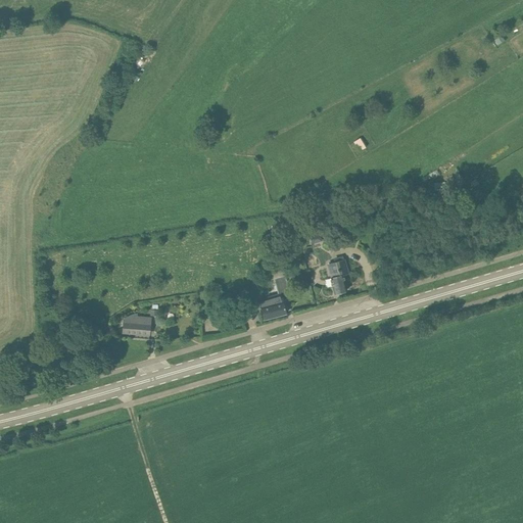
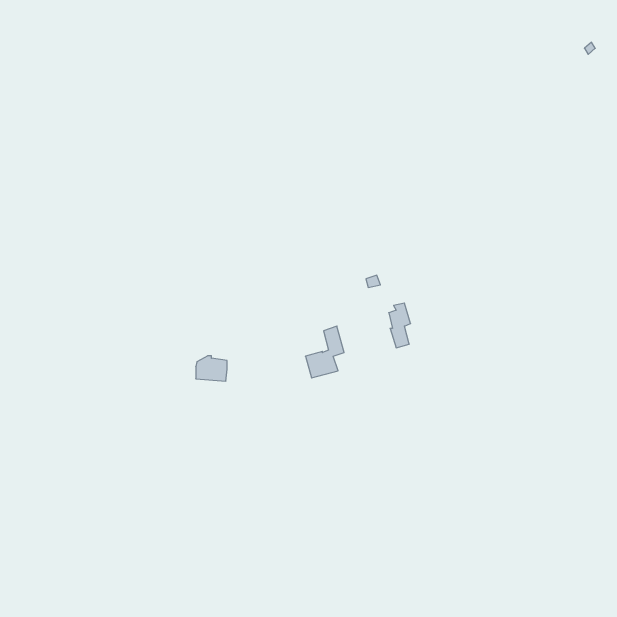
building: [124,314,150,335] -> [196,356,227,381]

